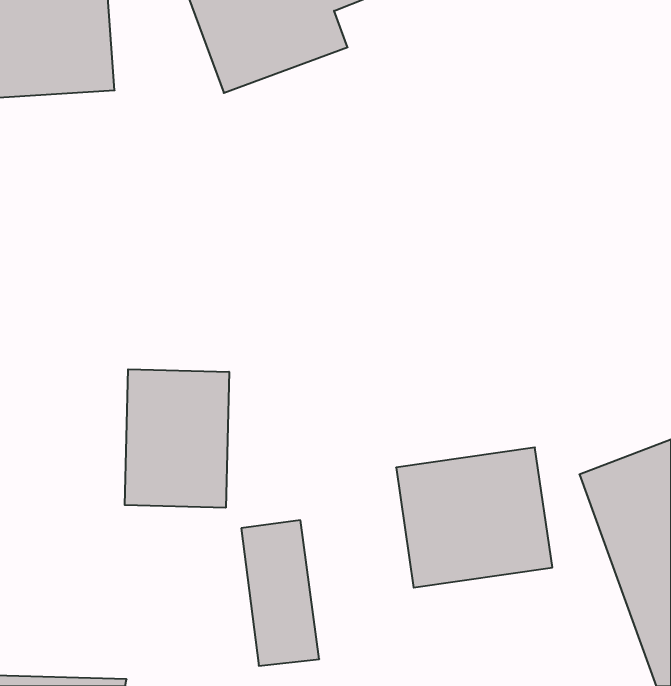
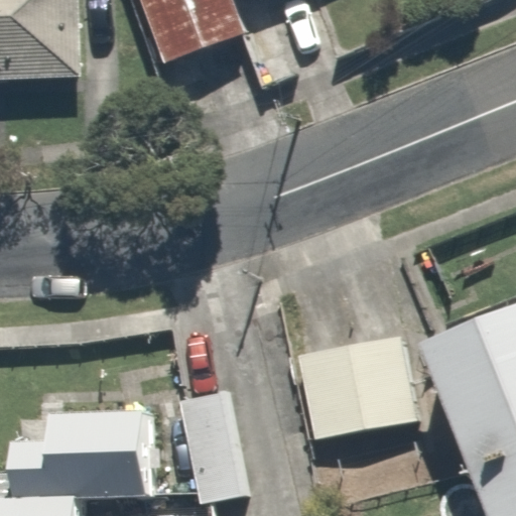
building: [125,369,229,508] -> none
building: none -> [11,416,175,506]

